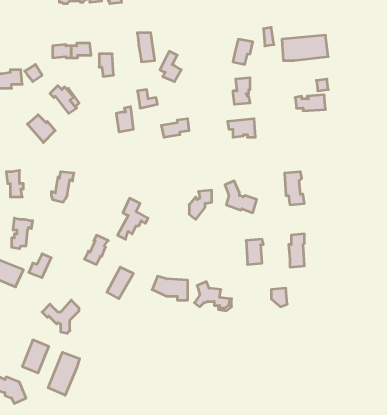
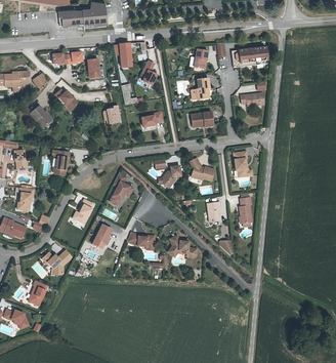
building: [48,352,80,395] -> none

